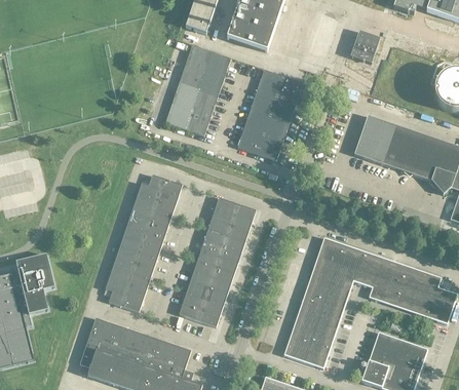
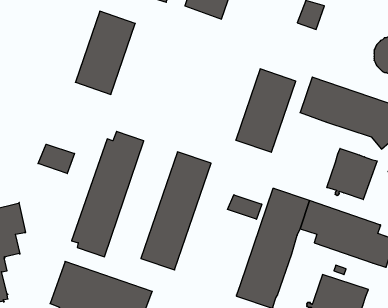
building: [165,44,231,135] -> [75,11,135,94]
building: [237,69,303,160] -> [236,69,296,152]
building: none -> [38,144,74,174]
building: none -> [327,148,377,200]
building: none -> [228,195,262,219]

